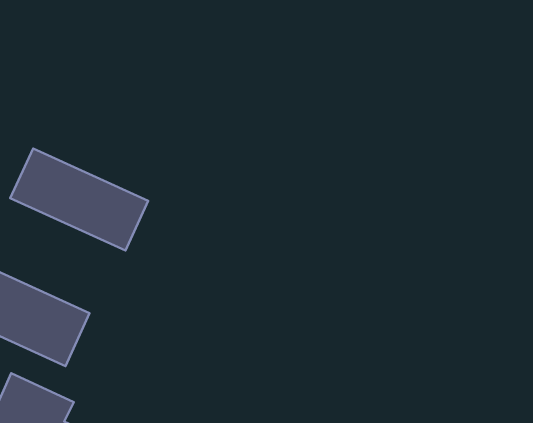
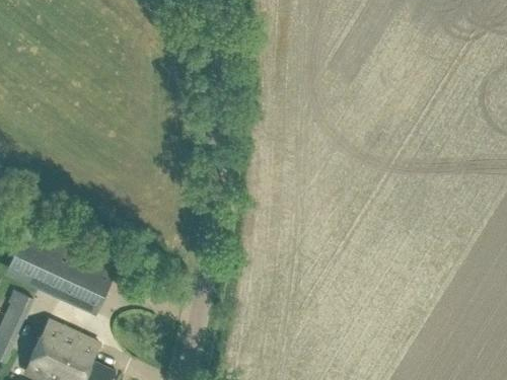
building: [10,148,148,251] -> none

